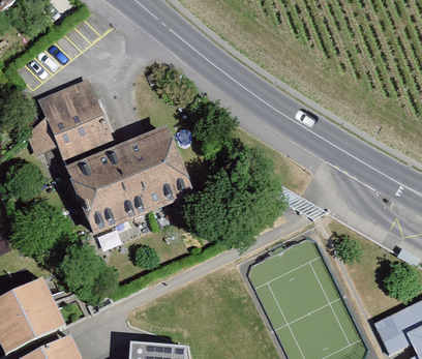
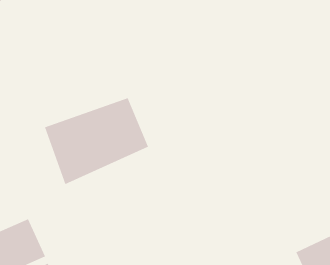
building: [41,78,114,158] -> none

